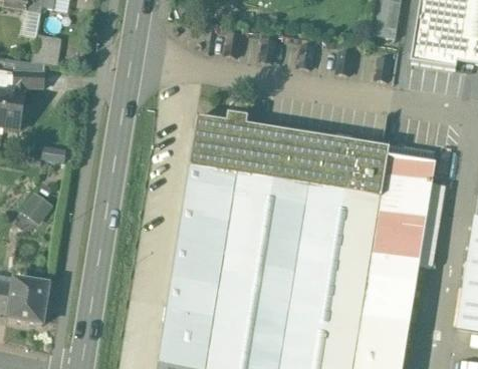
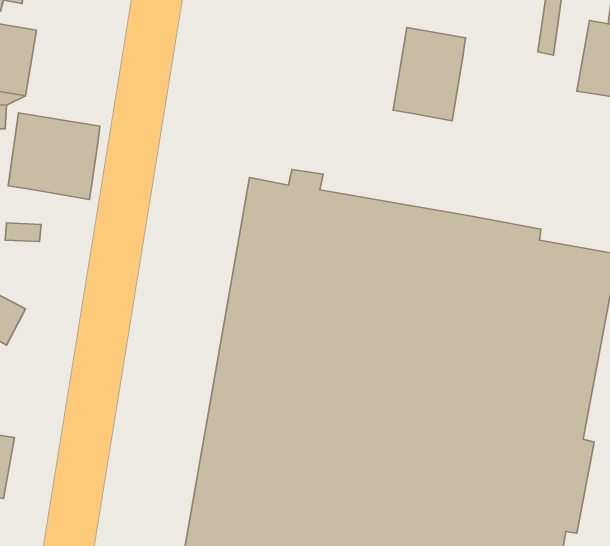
building: none -> [393,27,466,121]
building: none -> [8,113,100,199]

